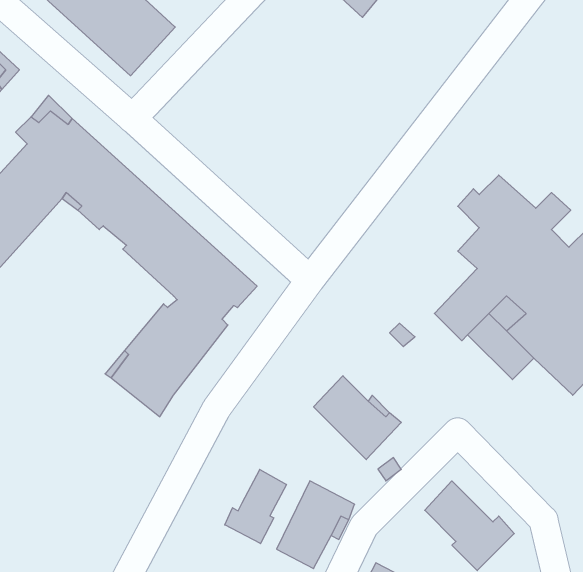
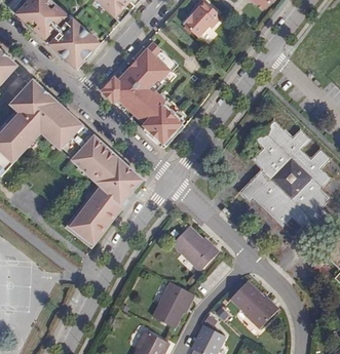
building: none -> [101,41,183,146]
building: [225,469,286,544] -> none

